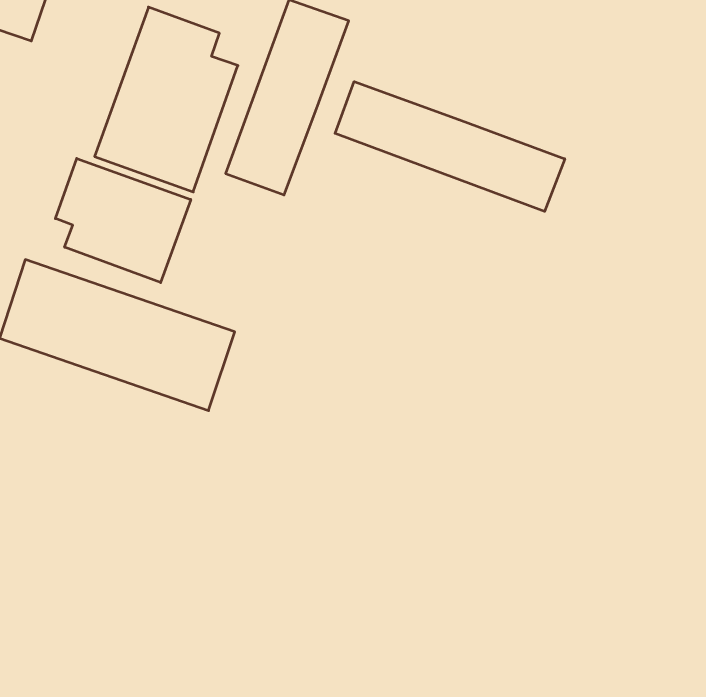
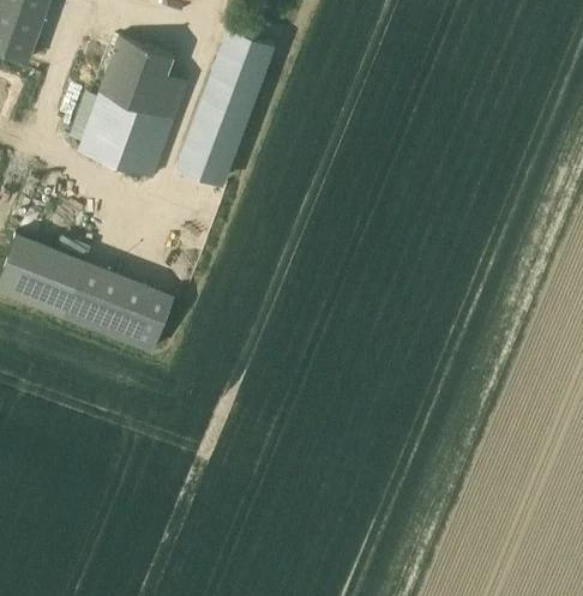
building: [335,82,565,211] -> none
building: [55,158,191,283] -> none

